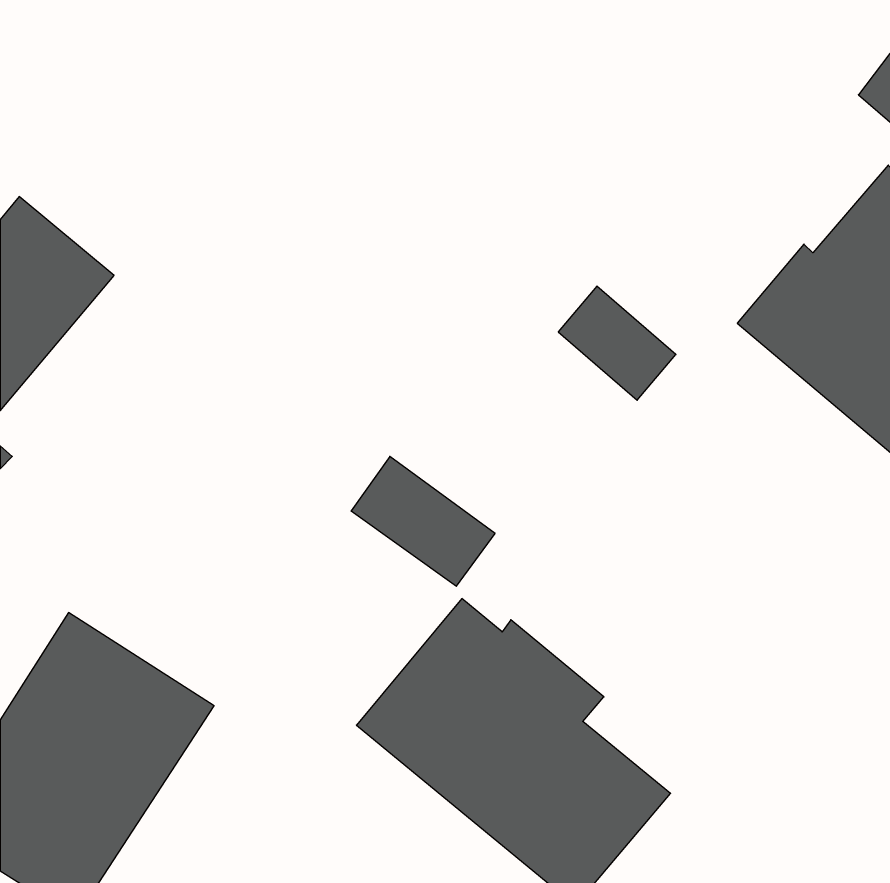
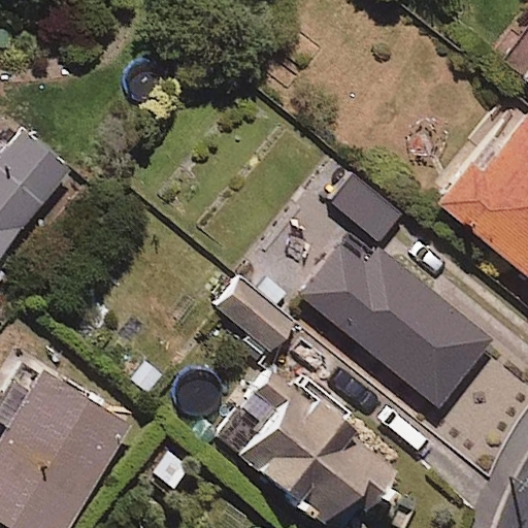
building: none -> [263,207,491,406]

